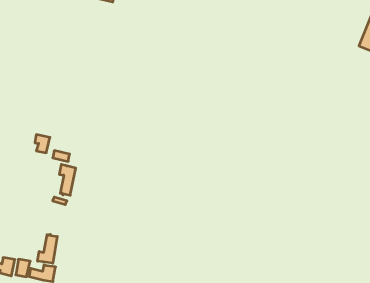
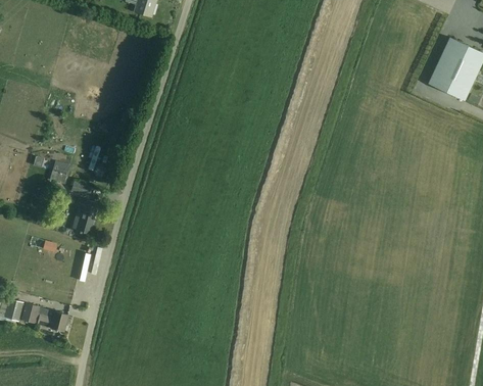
building: [38,234,57,263] -> none

